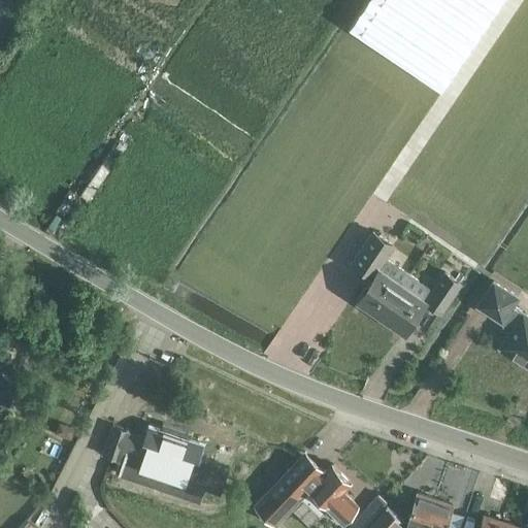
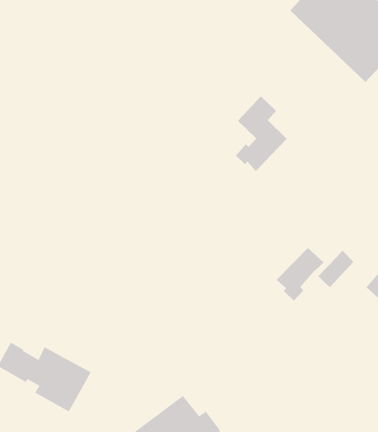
building: [353,236,409,318] -> [235,95,288,172]

